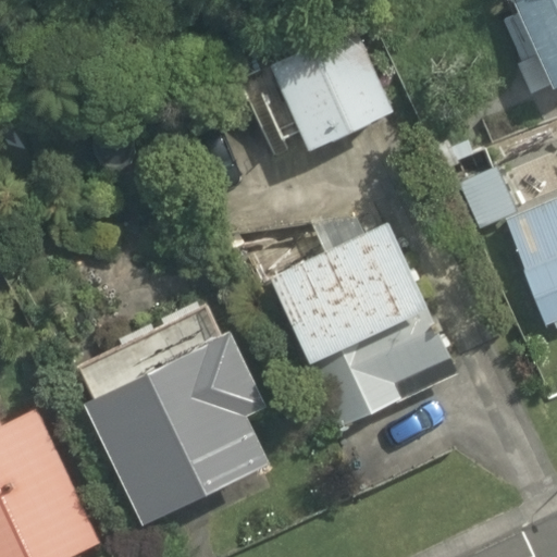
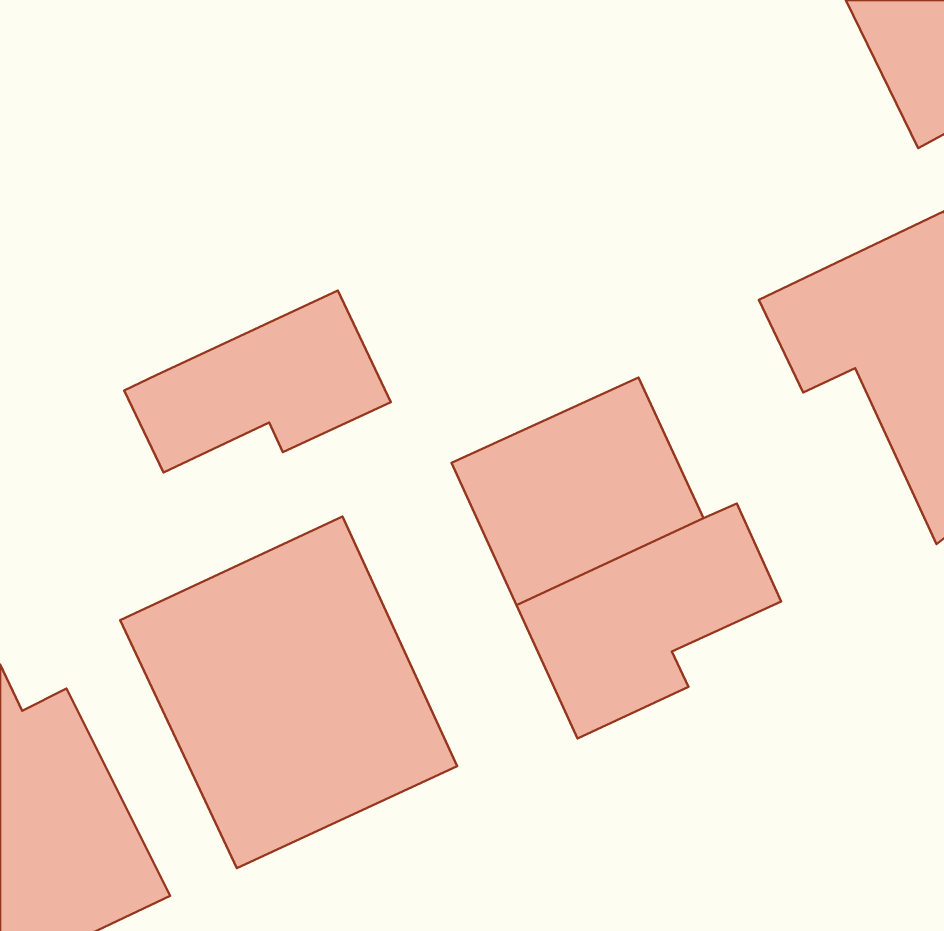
building: [236,21,398,157] -> none
building: none -> [124,290,391,472]

